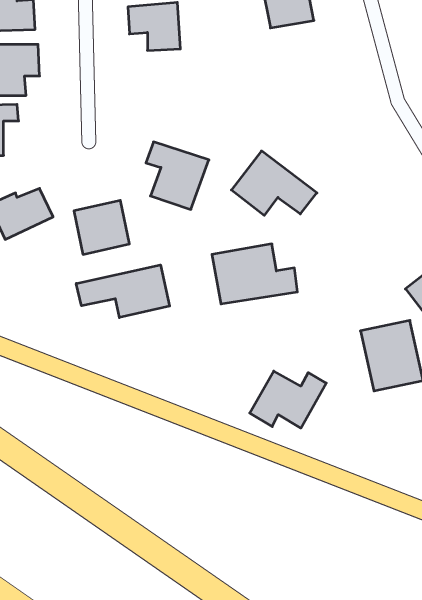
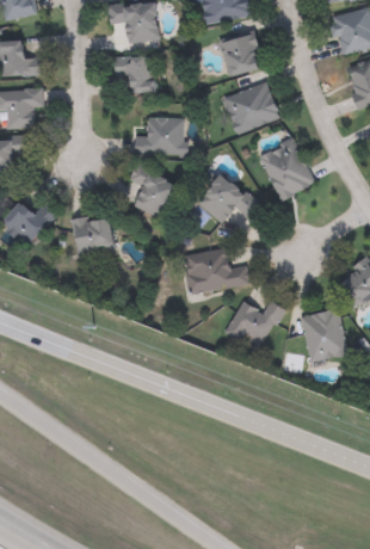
building: none -> [220,82,279,135]
building: none -> [135,118,187,156]
building: none -> [257,137,315,202]
building: [76,265,170,318] -> none
building: [250,371,326,428] -> [223,300,284,345]

